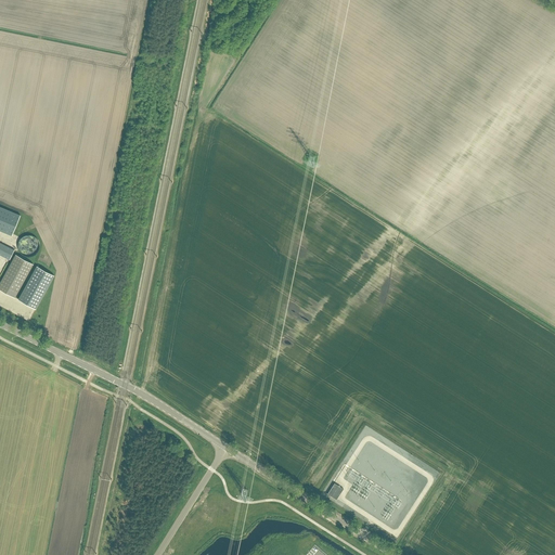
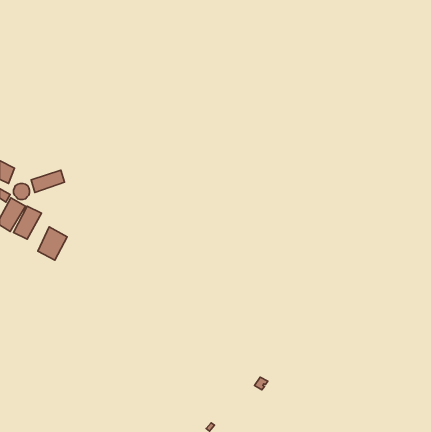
building: none -> [31,170,64,193]
building: none -> [38,227,67,260]

